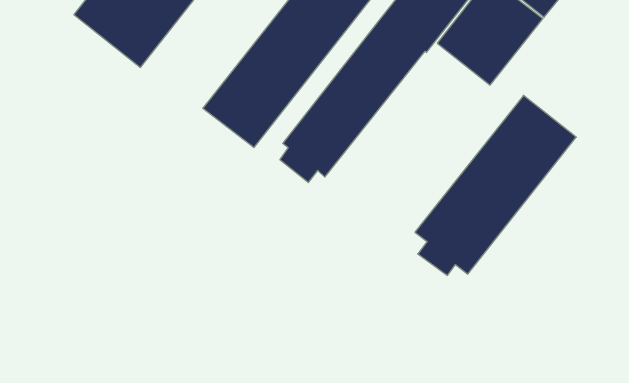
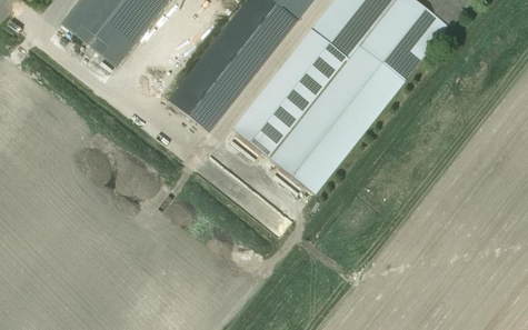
building: [415,95,576,275] -> [271,46,404,193]

